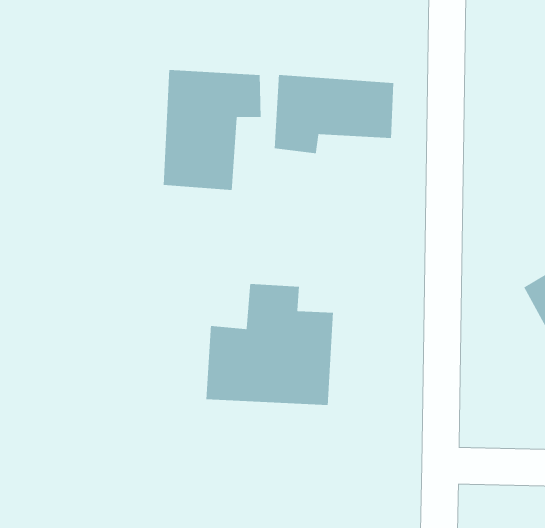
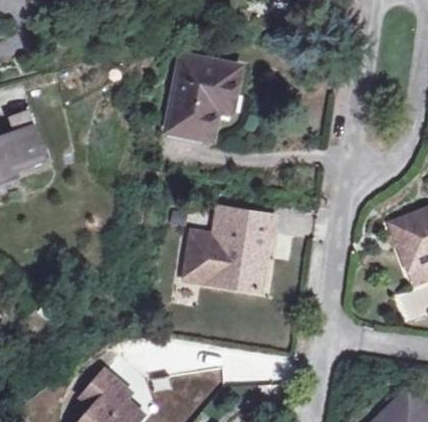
building: [274,74,394,154] -> none

